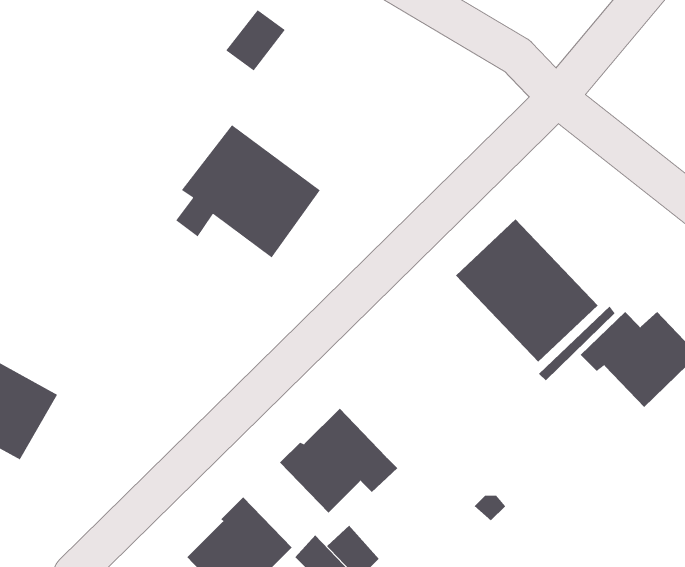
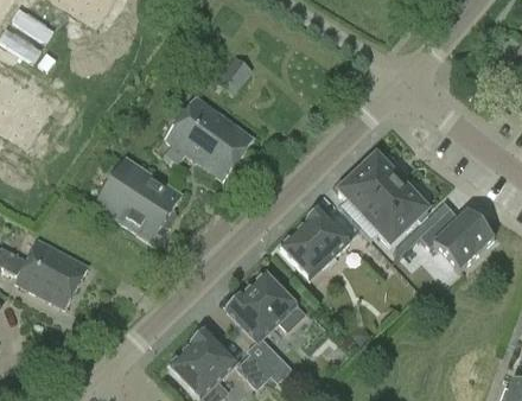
building: [225,9,286,71] -> [215,56,253,95]
building: none -> [93,157,182,242]
building: none -> [279,208,350,279]

